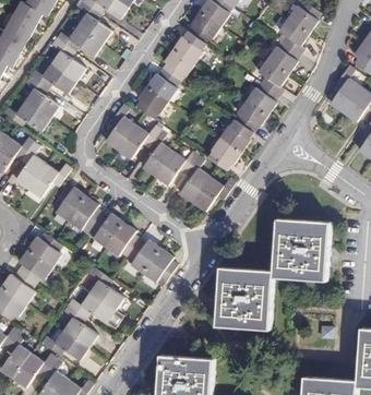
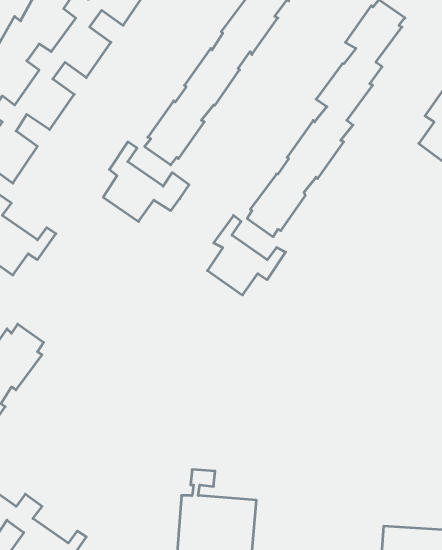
building: [142,143,198,185] -> none
building: [50,185,172,283] -> none
building: [216,218,331,330] -> none
building: [40,267,123,360] -> none

